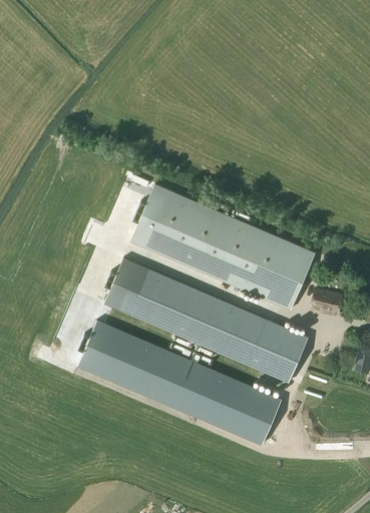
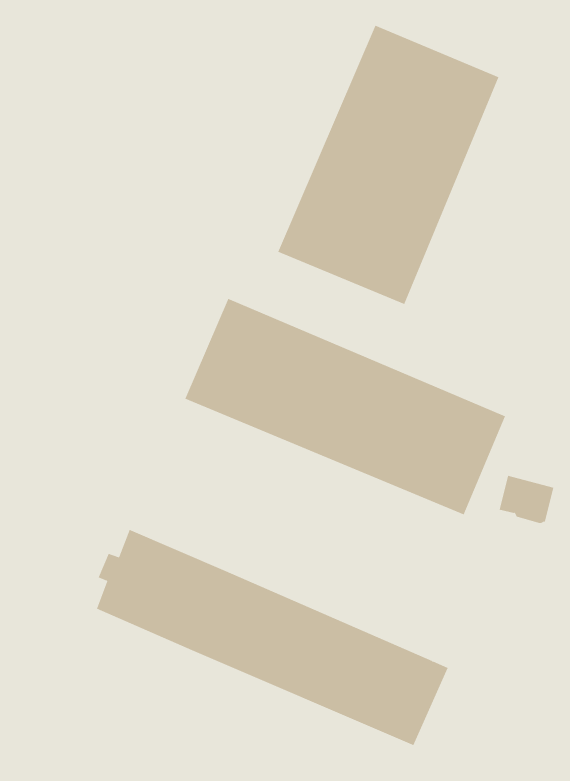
building: none -> [278,25,499,305]
building: [105,259,310,382] -> none

